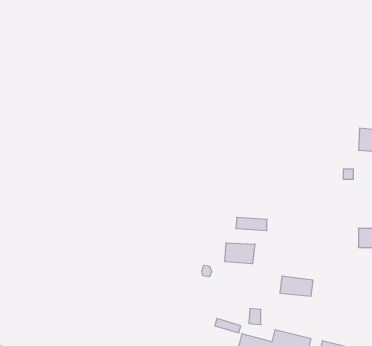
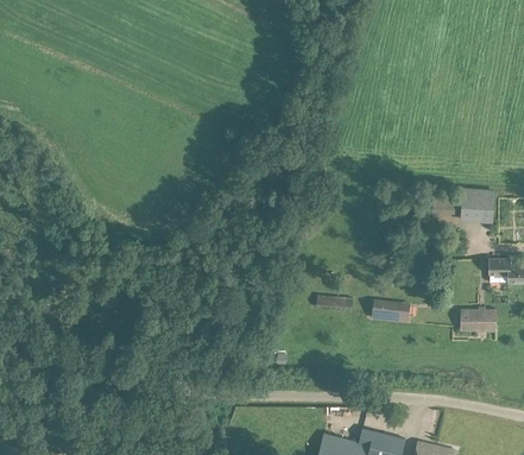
building: [225,243,255,264] -> none
building: [280,276,313,296] -> [372,299,411,323]

